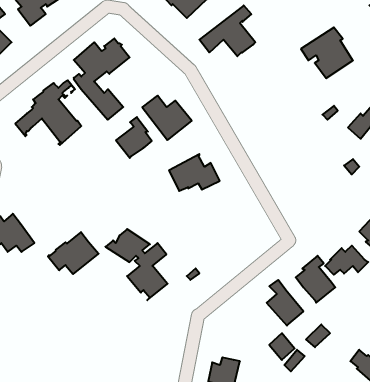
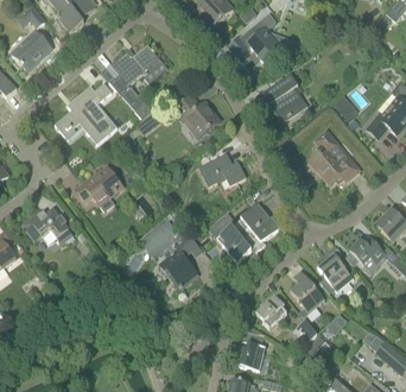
building: [301,27,353,78] -> [259,75,307,122]
building: [116,117,152,158] -> none
building: none -> [307,129,359,185]
building: none -> [208,203,278,263]
building: [48,232,99,274] -> [76,166,123,206]
building: none -> [255,292,286,328]

